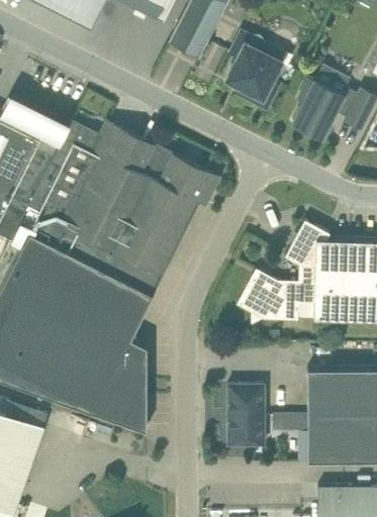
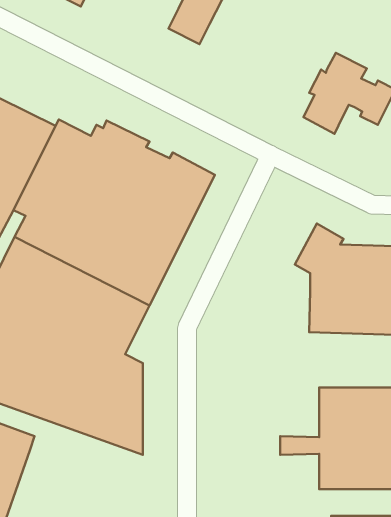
building: [225,30,283,110] -> none
building: [237,272,299,321] -> none
building: [227,385,264,445] -> none

